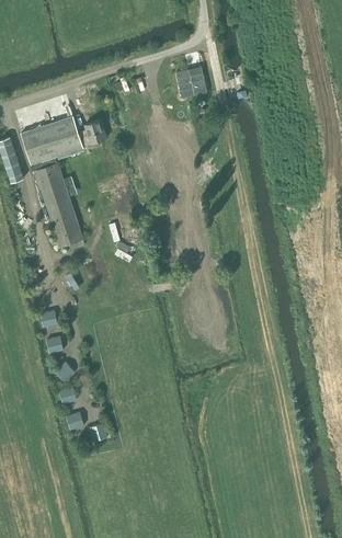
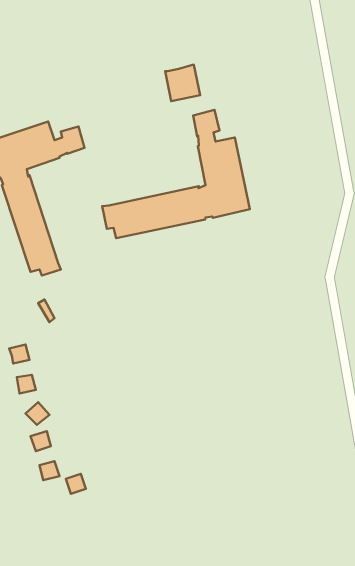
building: none -> [102,110,250,238]

